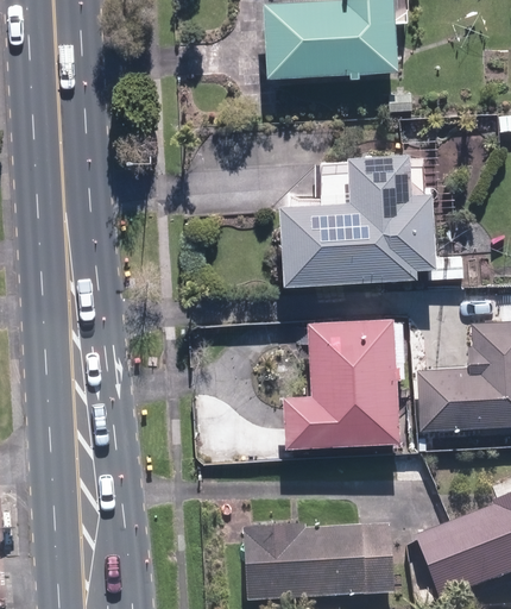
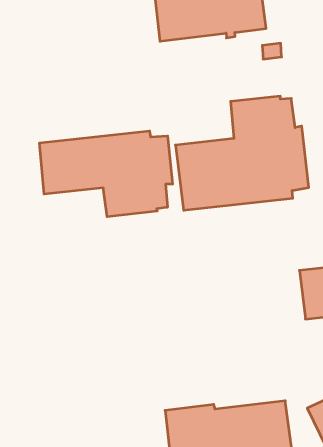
building: none -> [40,131,173,217]
building: [282,318,400,447] -> none

